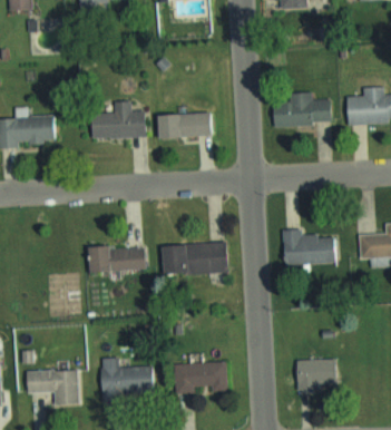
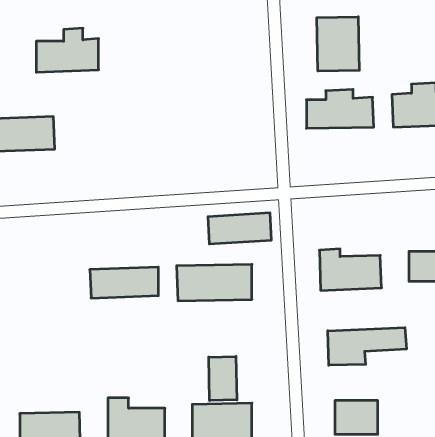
building: none -> [317,17,359,71]
building: [90,101,144,139] -> [36,28,99,72]
building: [155,113,209,139] -> [208,213,271,244]
building: none -> [328,328,406,365]
building: none -> [209,356,237,401]

